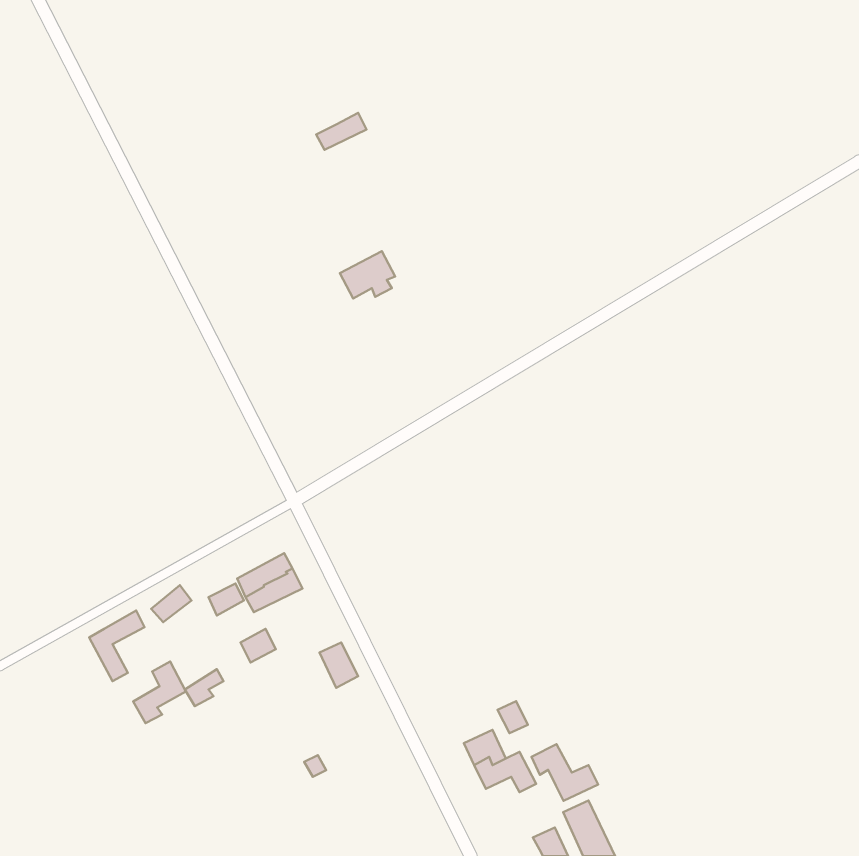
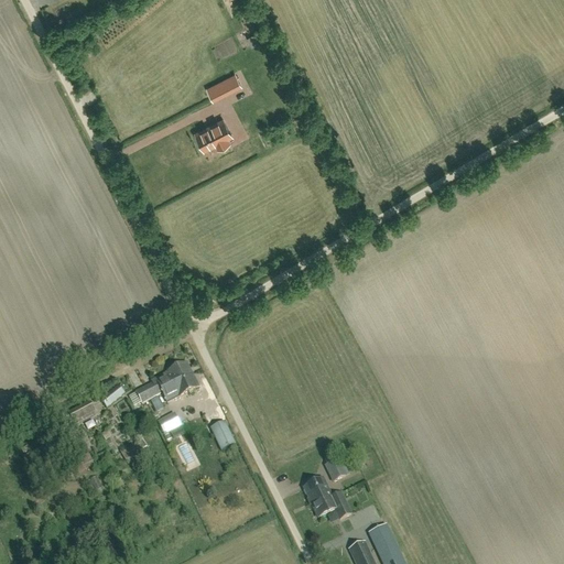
building: [340,251,395,298] -> [195,118,231,149]
building: [133,661,186,723] -> none
building: [532,744,598,801] -> none

